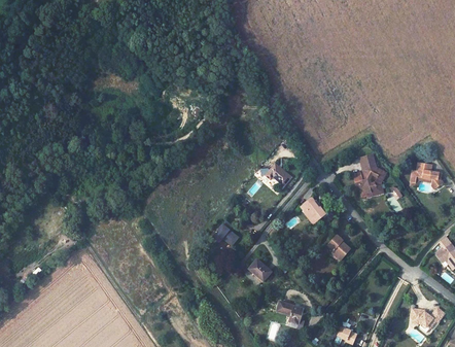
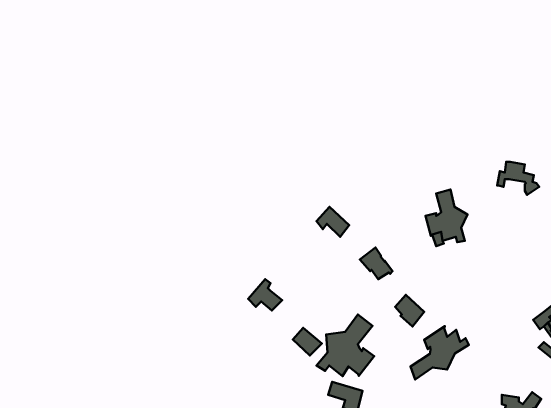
building: [409,162,442,187] -> [497,162,539,195]
building: none -> [317,314,374,376]
building: none -> [410,326,469,380]

